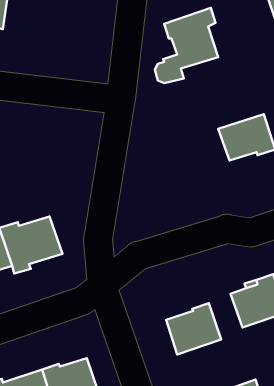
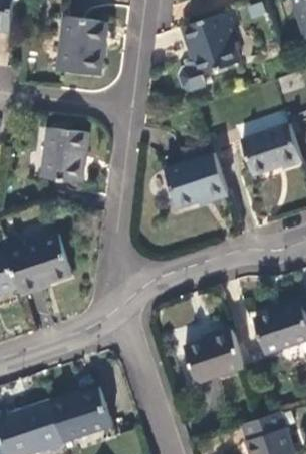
building: none -> [59,18,106,76]
building: none -> [42,128,86,183]
building: none -> [165,153,228,206]

